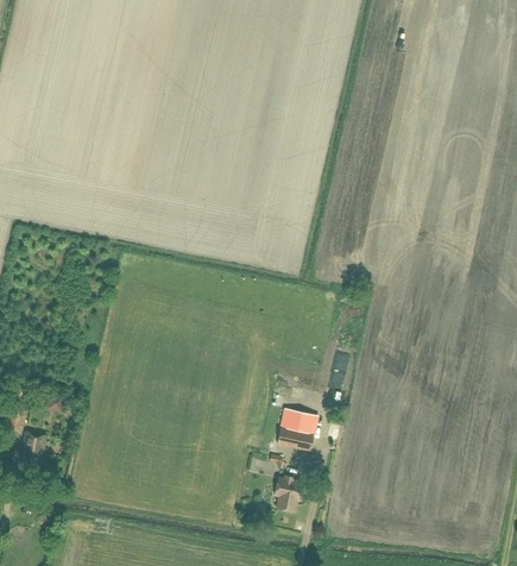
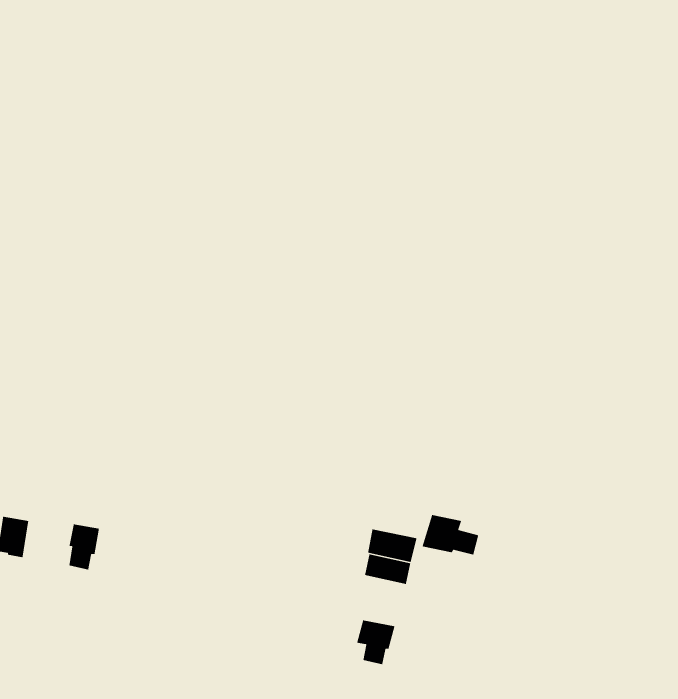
building: none -> [422,514,479,556]
building: [23,432,46,467] -> [68,523,100,571]

